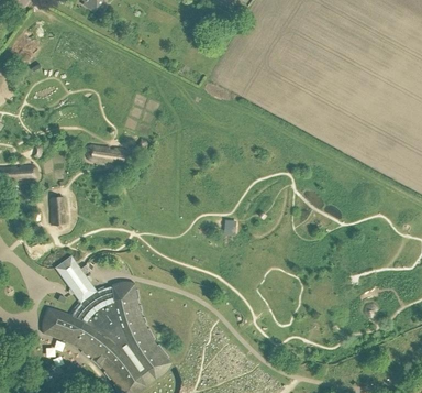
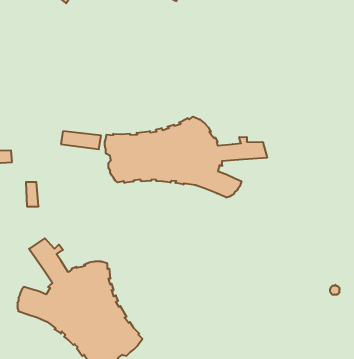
building: none -> [105,117,267,198]

